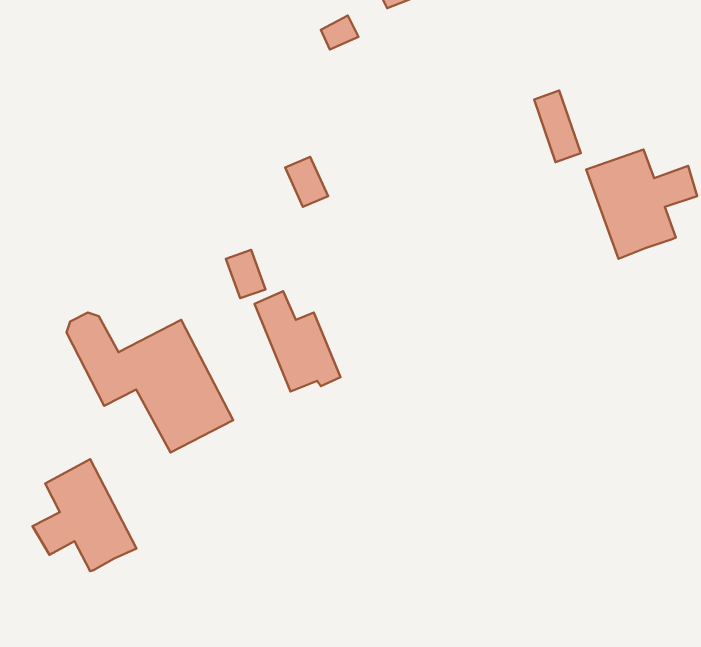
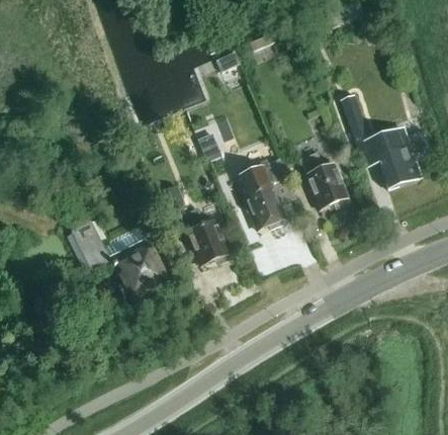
building: none -> [299,151,348,207]
building: none -> [237,160,285,230]
building: [33,459,136,571] -> none

